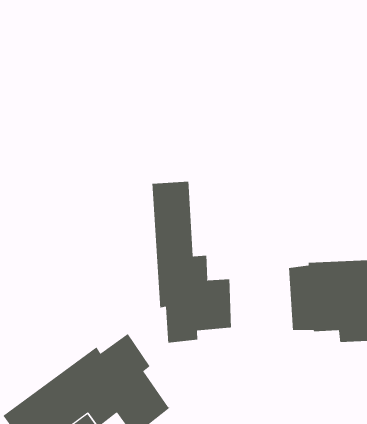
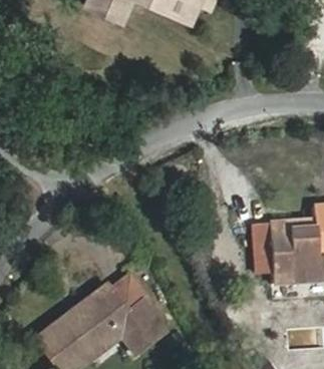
building: [152,181,232,343] -> none

